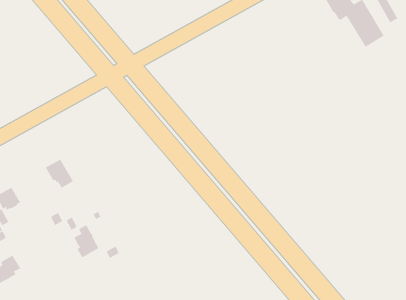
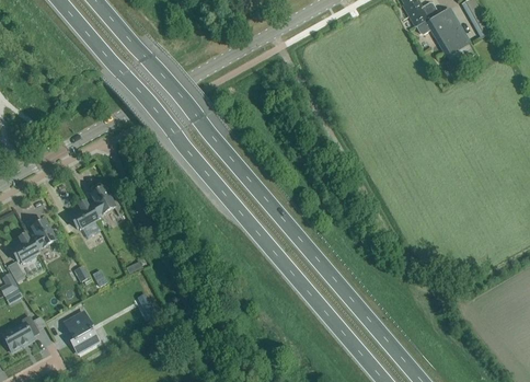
building: none -> [87,187,114,217]
building: none -> [27,221,55,250]
building: [74,225,99,258] -> [67,312,97,352]

